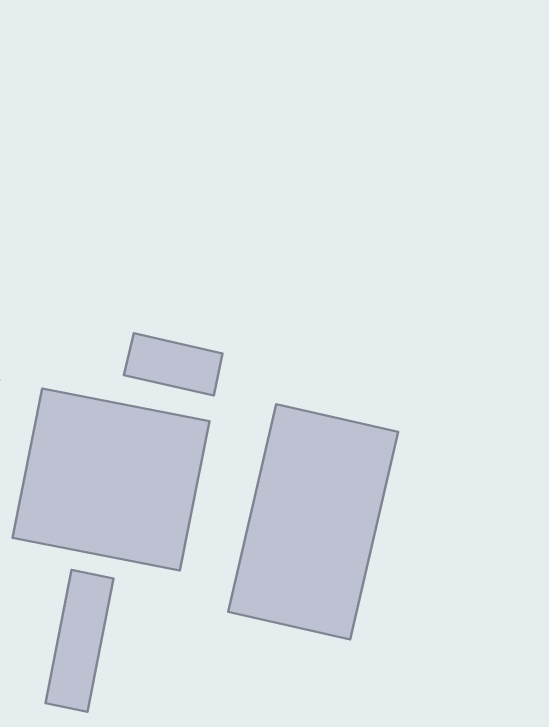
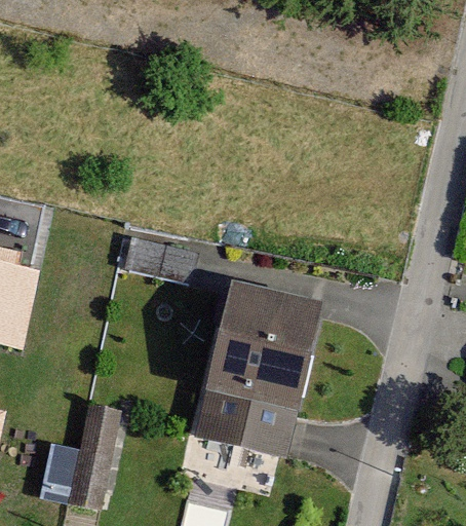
building: [13,388,210,571] -> none

